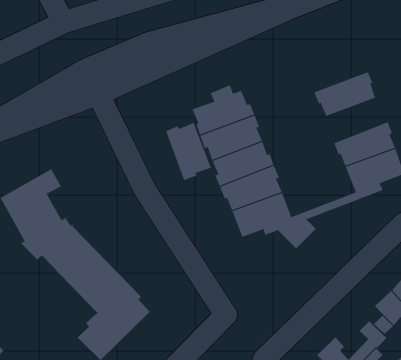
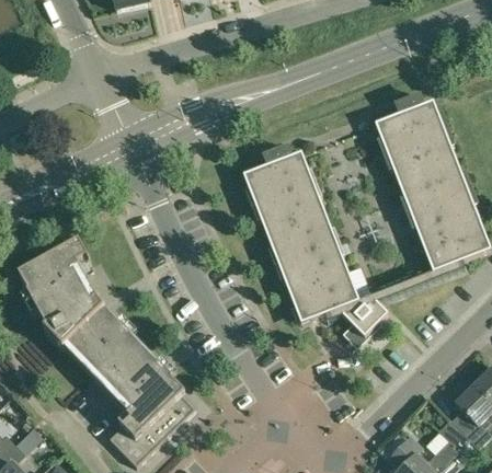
building: none -> [374,93,447,153]
building: none -> [398,160,470,212]
building: [165,122,212,181] -> none

